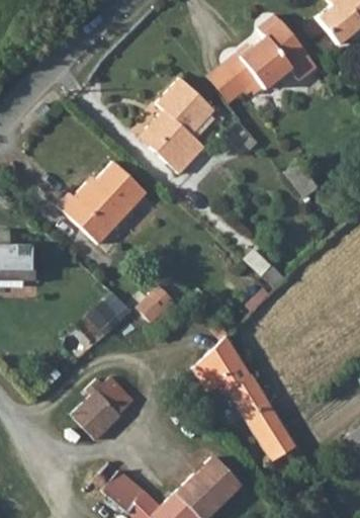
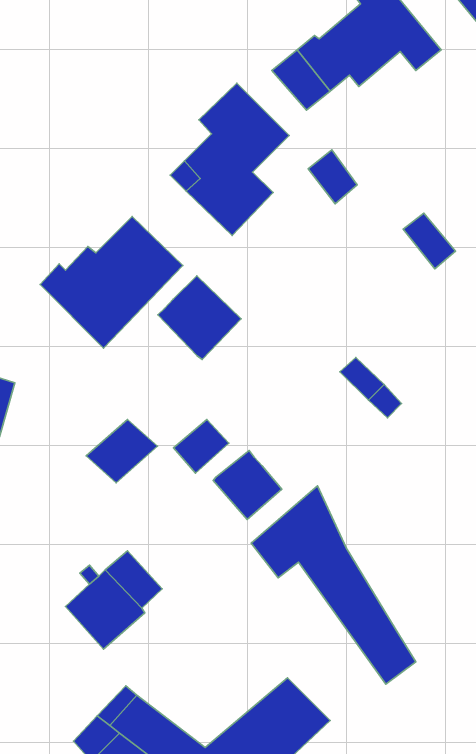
building: none -> [158,276,241,359]
building: none -> [213,451,282,519]

